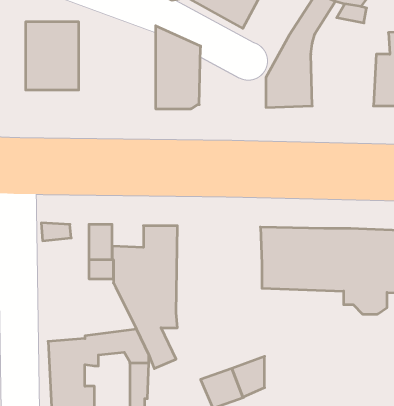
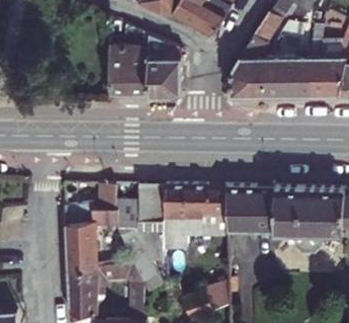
building: [26,22,79,90] -> [109,48,149,98]
building: none -> [264,58,313,96]
building: none -> [164,185,229,250]
building: none -> [65,204,96,271]

